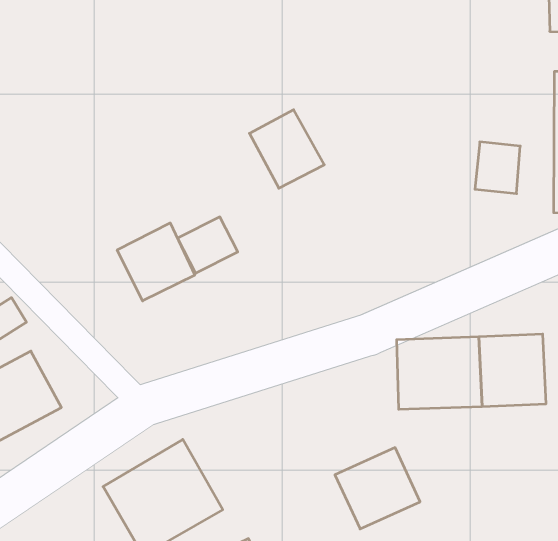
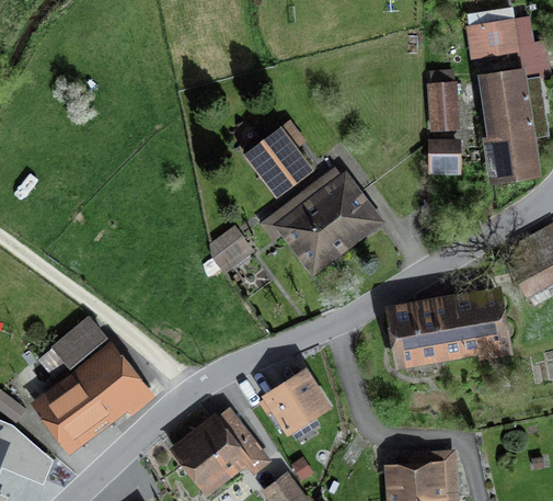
building: none -> [426,83,457,133]
building: none -> [276,172,383,275]
building: [117,223,195,301] -> none
building: [335,448,420,529] -> [264,368,333,435]

